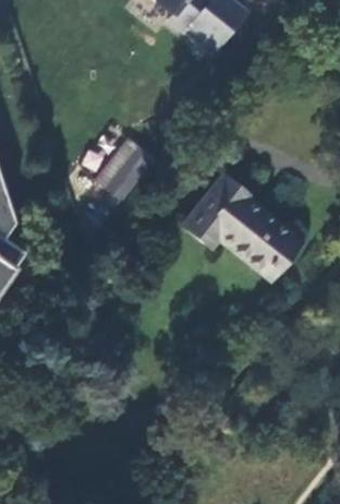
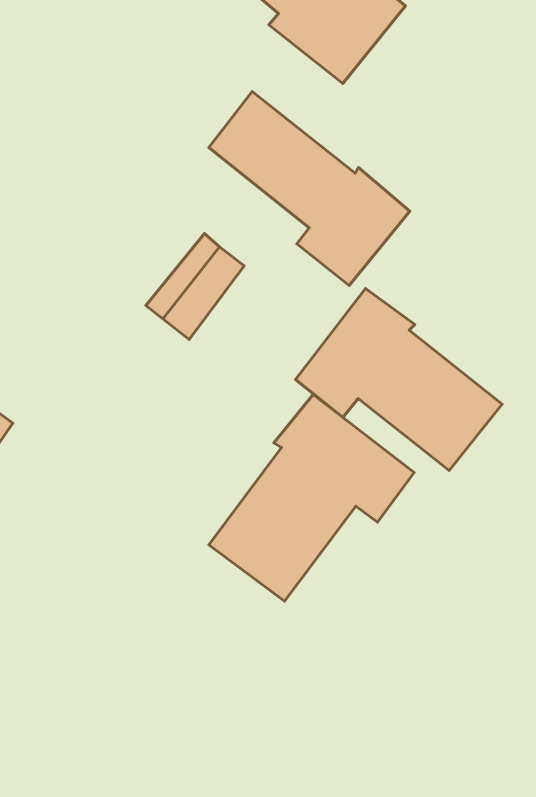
building: none -> [209,91,410,286]
building: none -> [209,395,414,601]

